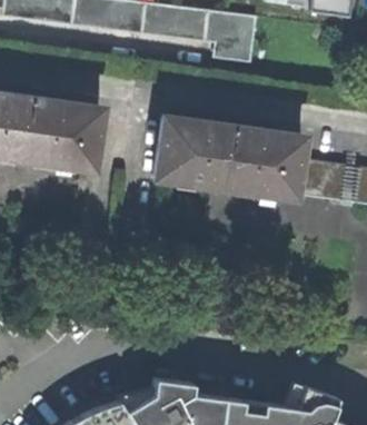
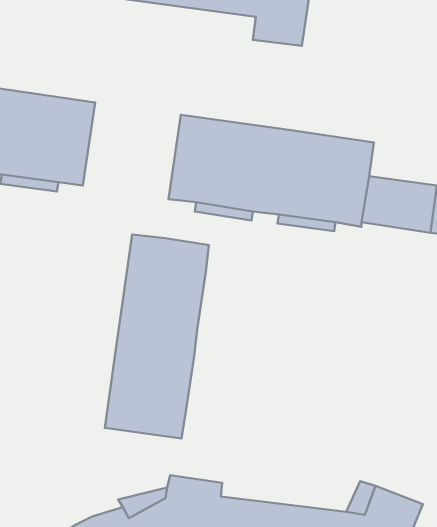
building: none -> [105,235,209,438]

